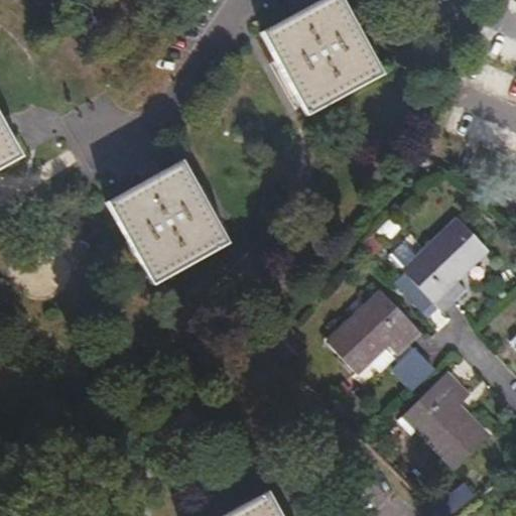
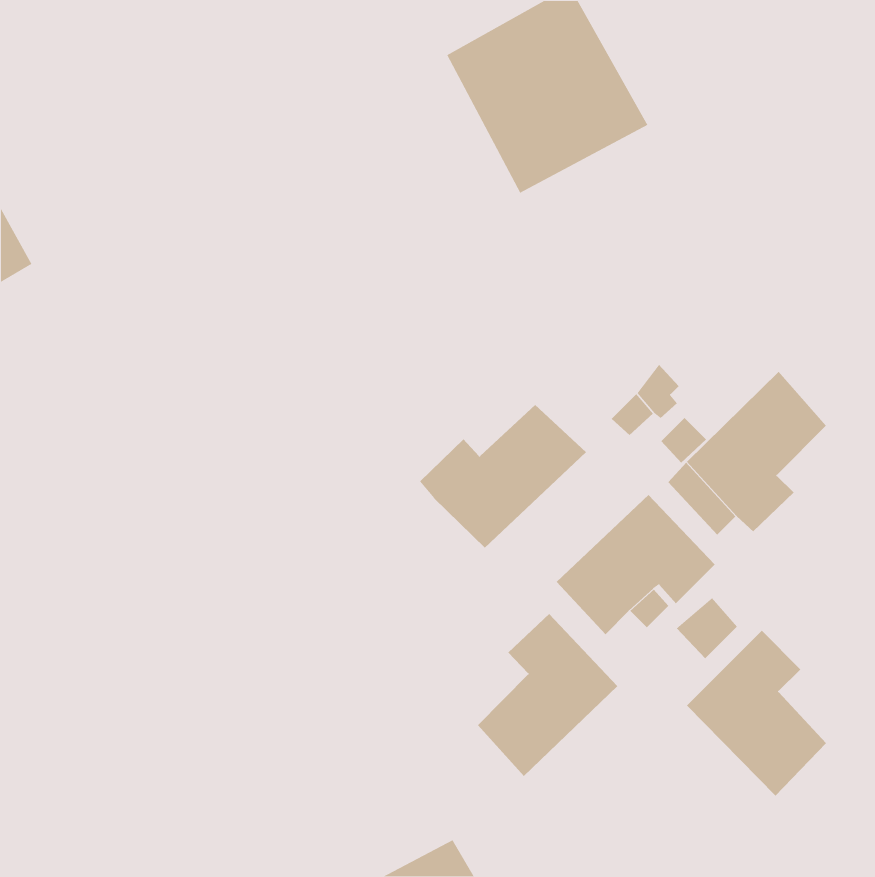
building: [108,162,226,283] -> none
building: none -> [419,404,587,549]
building: none -> [477,613,618,777]

